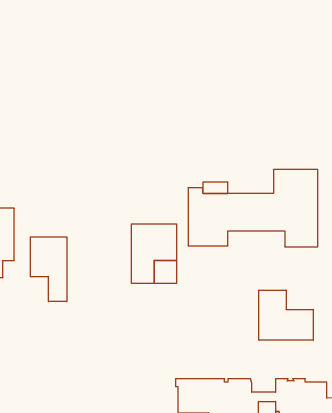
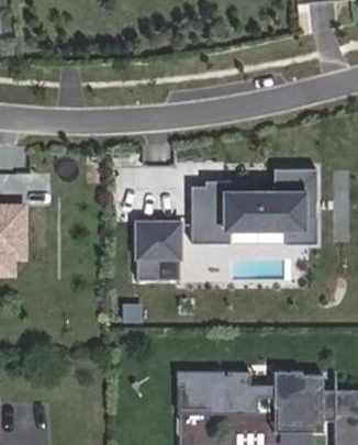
building: [30,237,67,302] -> none
building: [259,290,313,340] -> none

